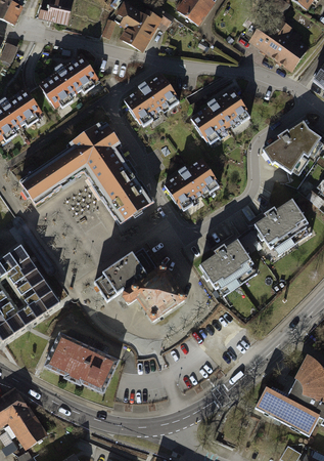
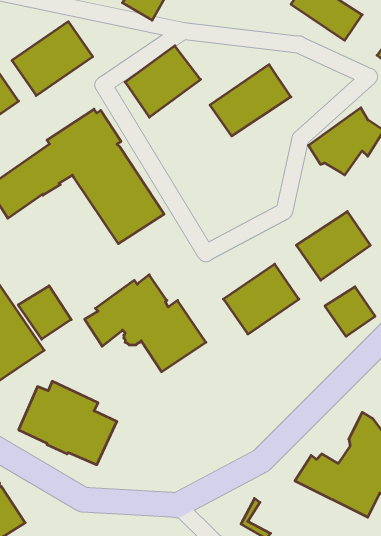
building: [165,158,220,209] -> none
building: none -> [18,286,71,339]
building: none -> [325,287,375,336]

